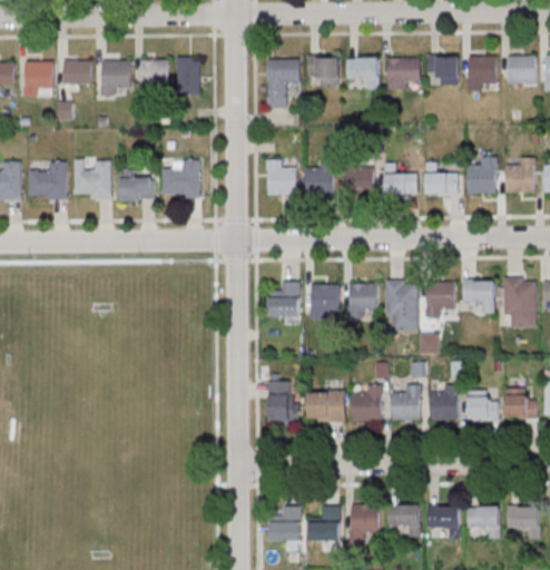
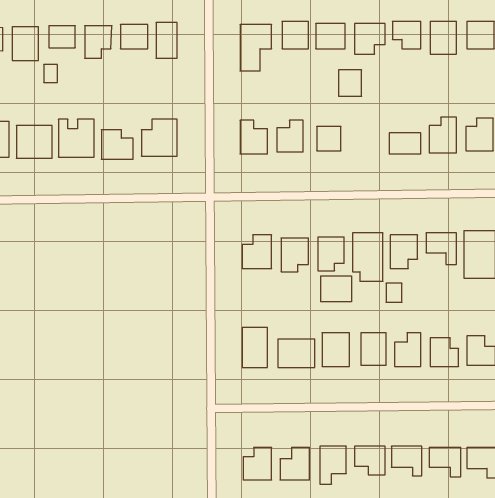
building: [385,167,410,195] -> [339,70,362,96]
building: none -> [321,276,351,302]

